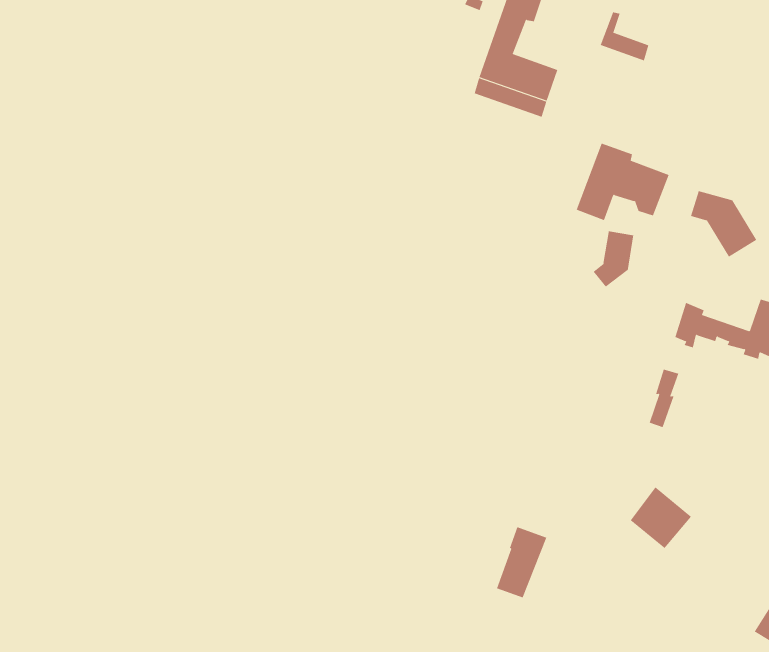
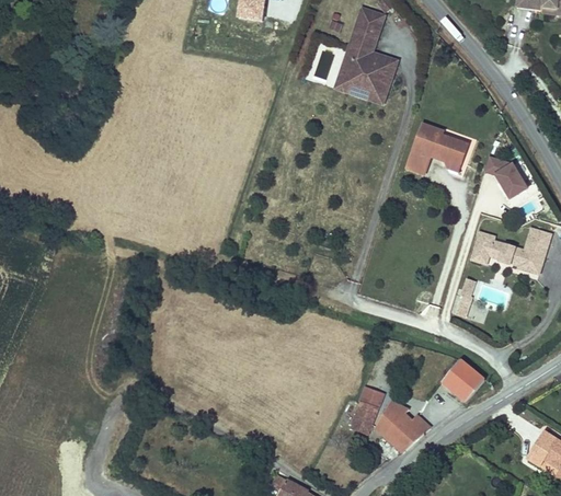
building: [600,12,649,61] -> [362,37,396,71]
building: [593,231,634,287] -> none
building: none -> [375,401,428,451]

